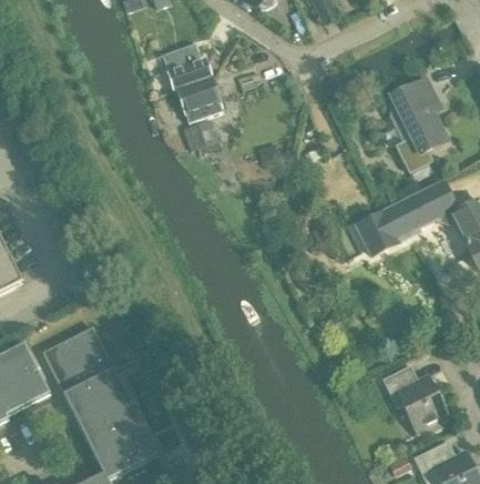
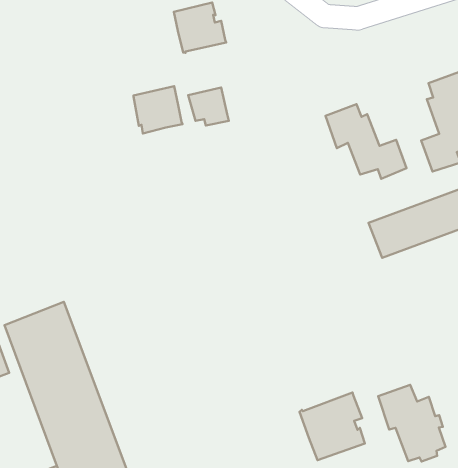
building: [176,75,223,121] -> [133,86,182,134]
building: none -> [325,104,407,179]
building: none -> [299,393,365,460]

